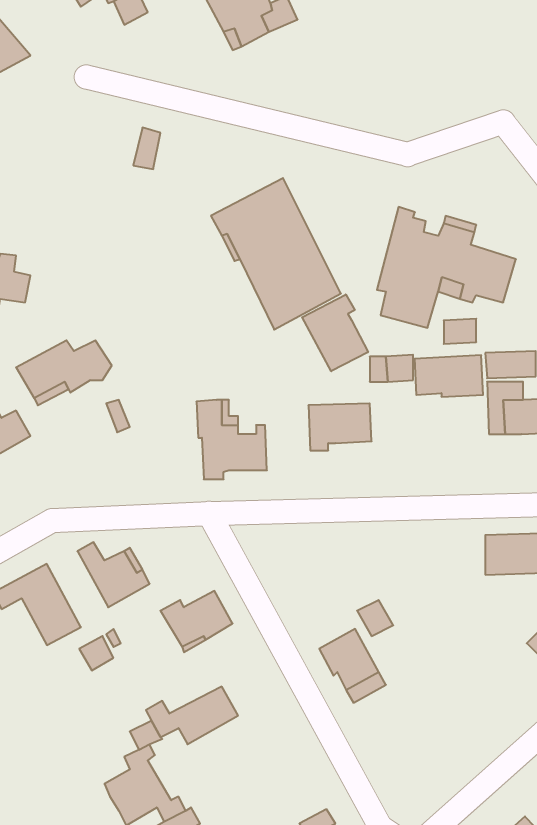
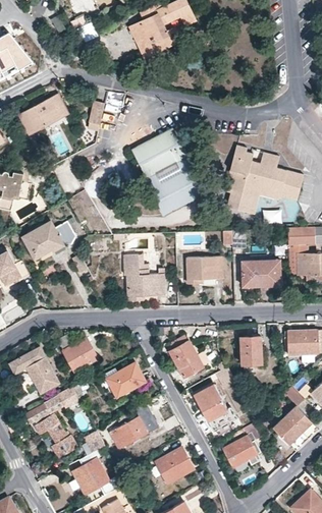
building: none -> [20,95,67,133]
building: [302,294,368,371] -> none
building: [414,355,483,397] -> [242,261,280,284]
building: none -> [240,336,261,363]
building: none -> [170,341,202,376]
building: none -> [273,386,312,443]
building: none -> [25,403,78,456]
building: none -> [223,423,262,467]
building: none -> [156,447,194,482]

